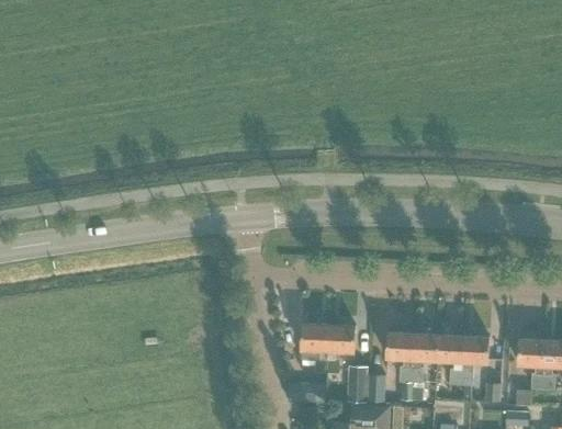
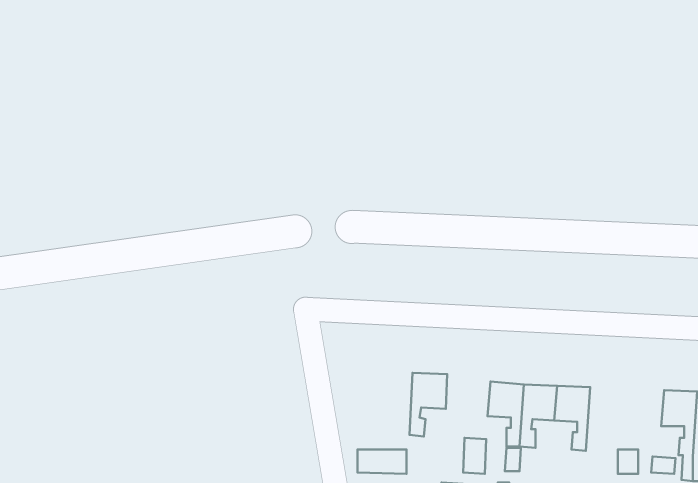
building: [302,324,329,372] -> none
building: [461,336,490,384] -> none
building: [348,366,368,403] -> none

